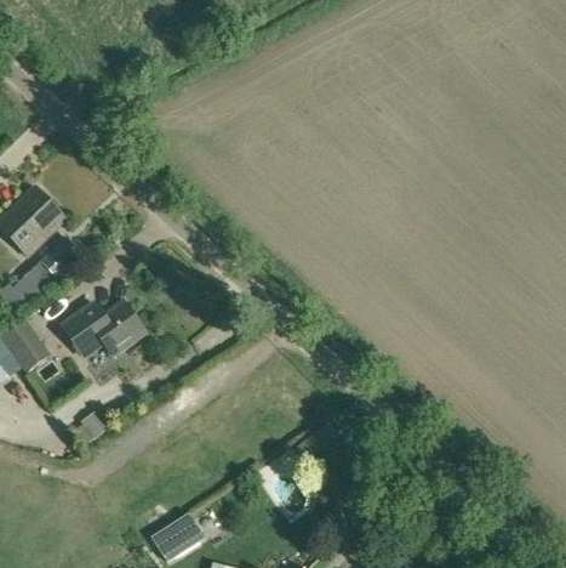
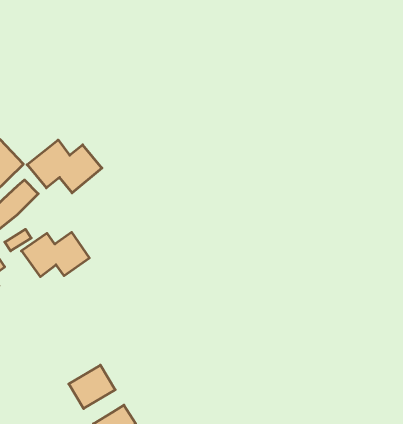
building: none -> [27,140,102,193]
building: none -> [69,365,115,409]

